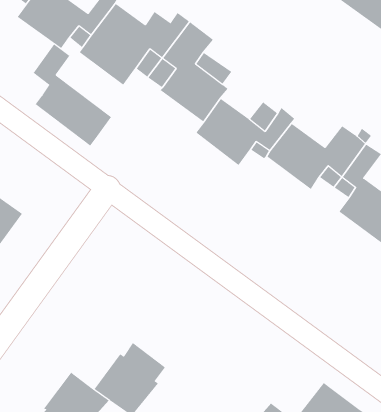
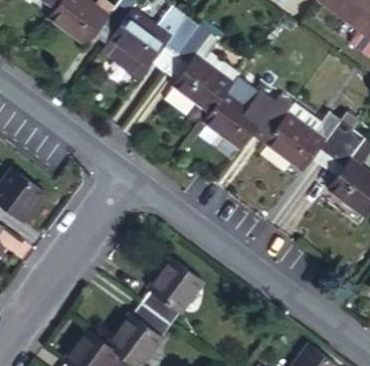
building: [33,44,112,146] -> none
building: none -> [146,262,206,325]

